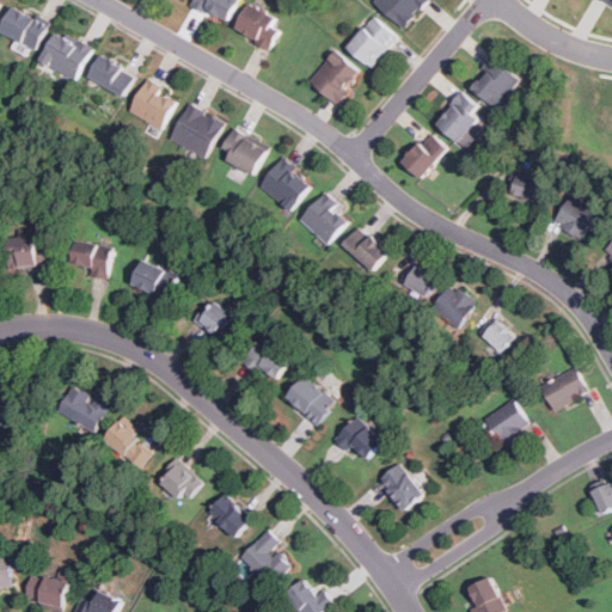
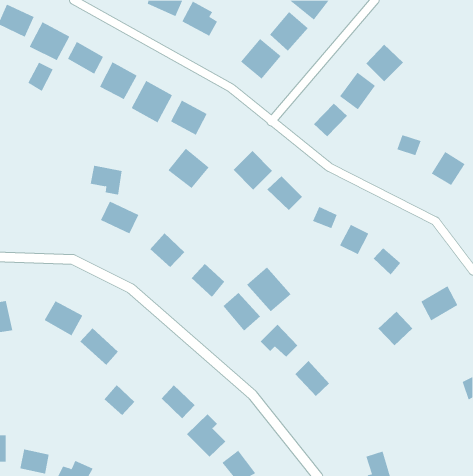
building: none -> [28,62,54,92]
building: [257,158,311,210] -> [168,148,210,189]
building: [5,237,44,270] -> none
building: [68,240,110,279] -> [90,165,122,195]
building: none -> [246,267,291,312]
building: [159,463,200,503] -> [103,384,135,416]

